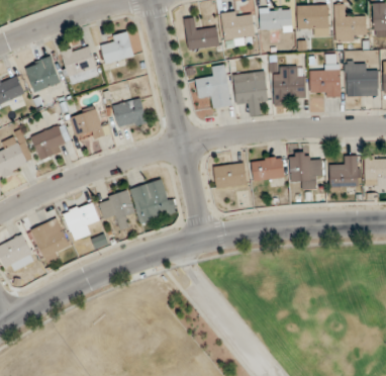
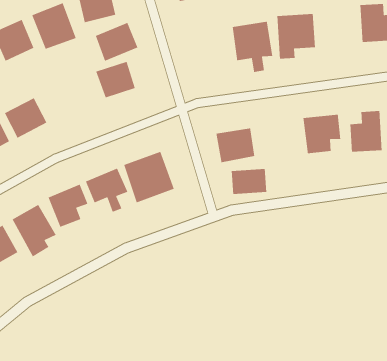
building: [196,65,231,108] -> none
building: [309,65,340,96] -> none
building: [71,107,108,140] -> [95,22,139,62]
building: [253,158,283,179] -> [231,168,267,195]

